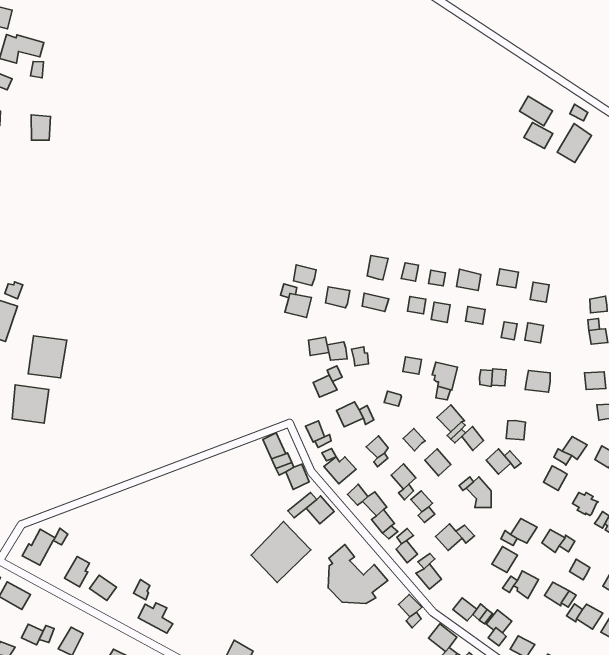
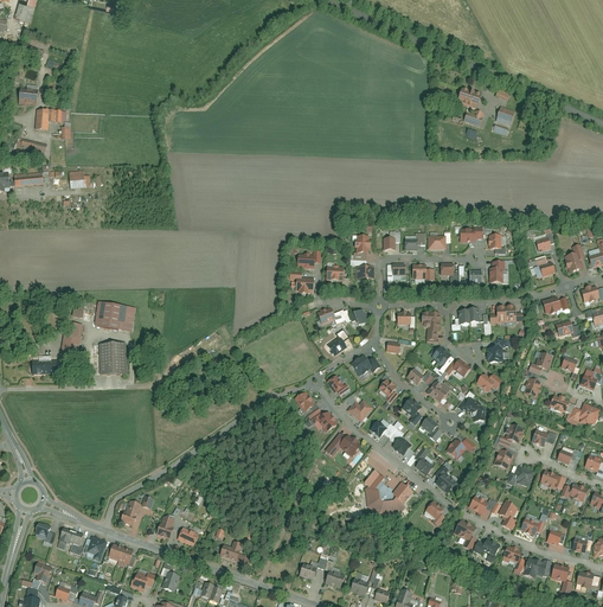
building: none -> [94,305,134,332]
building: [12,385,49,423] -> none
building: [251,521,311,582] -> none

